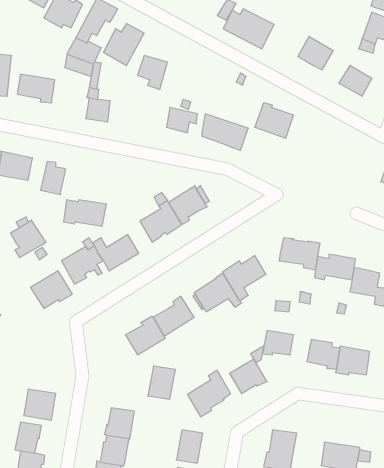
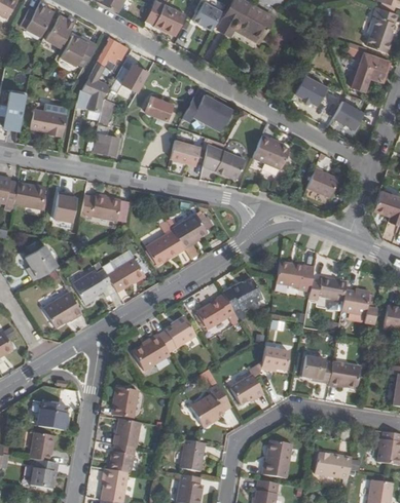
building: [223,9,274,49] -> [183,94,230,131]
building: none -> [306,166,337,195]
building: [63,200,106,226] -> [81,194,121,219]
building: [148,366,175,399] -> [113,387,139,418]

